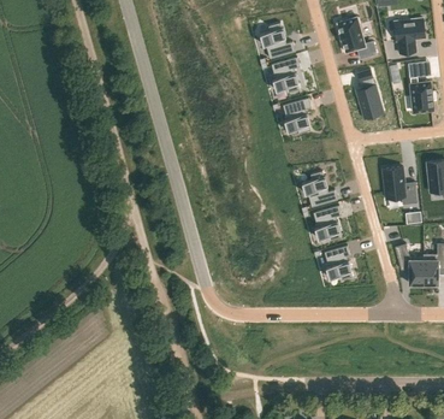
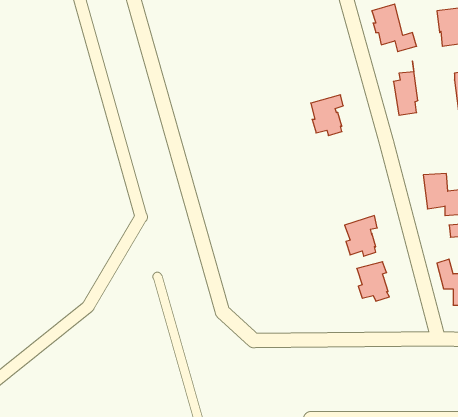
building: [260,22,296,58] -> none
building: [272,55,300,92] -> none
building: [302,170,337,206] -> none

